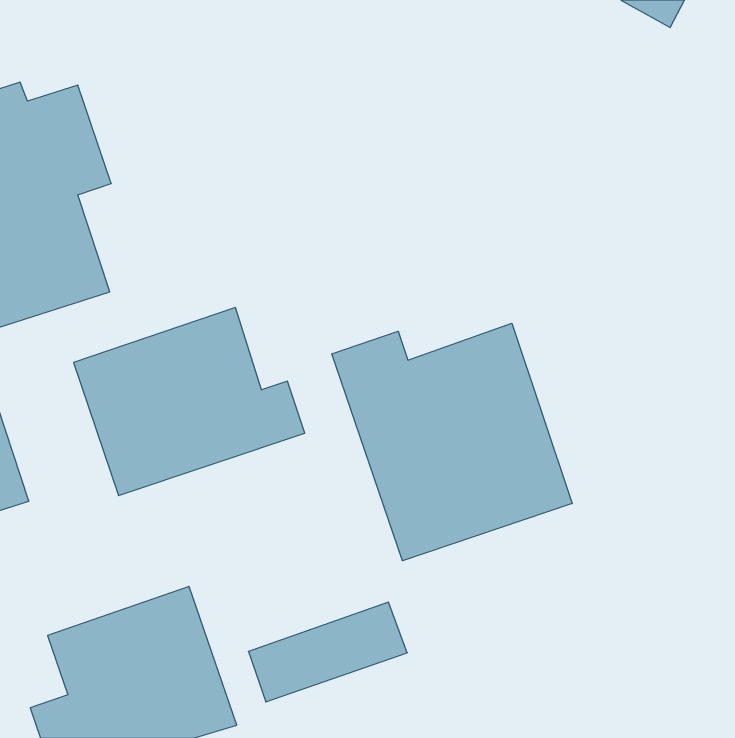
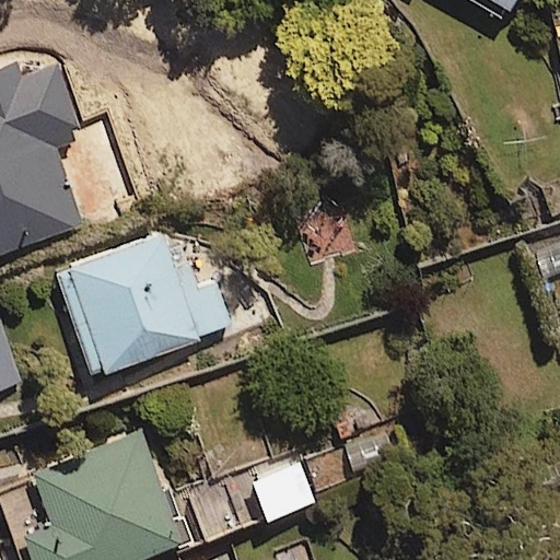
building: [332,323,572,561] -> none

